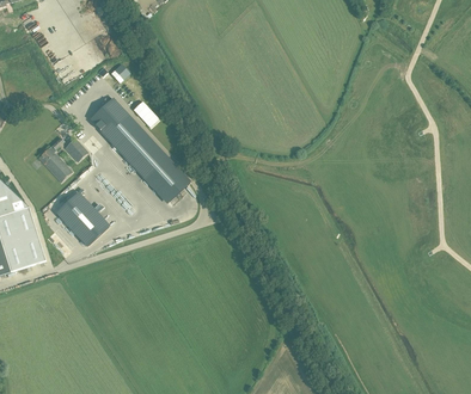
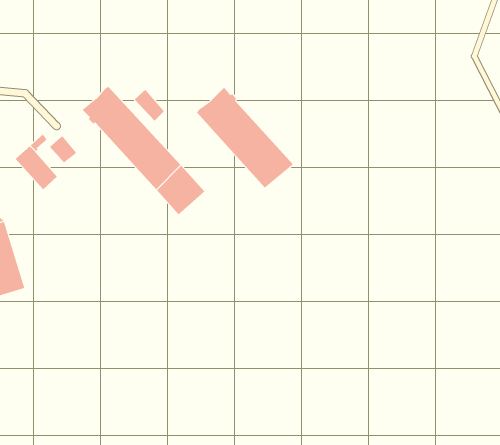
building: none -> [196,87,294,189]
building: [55,191,108,245] -> none

